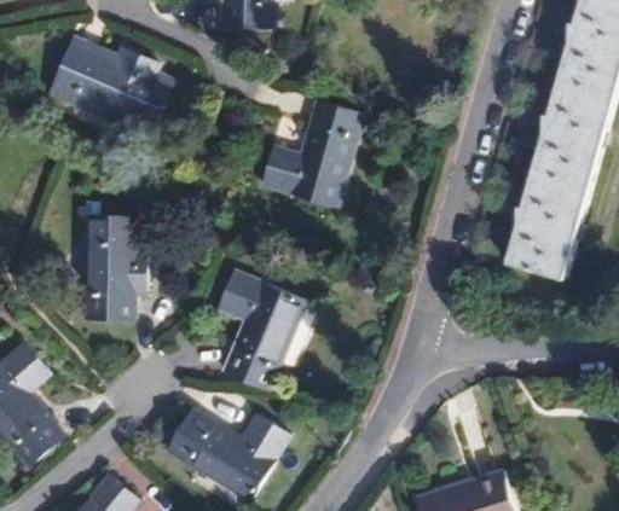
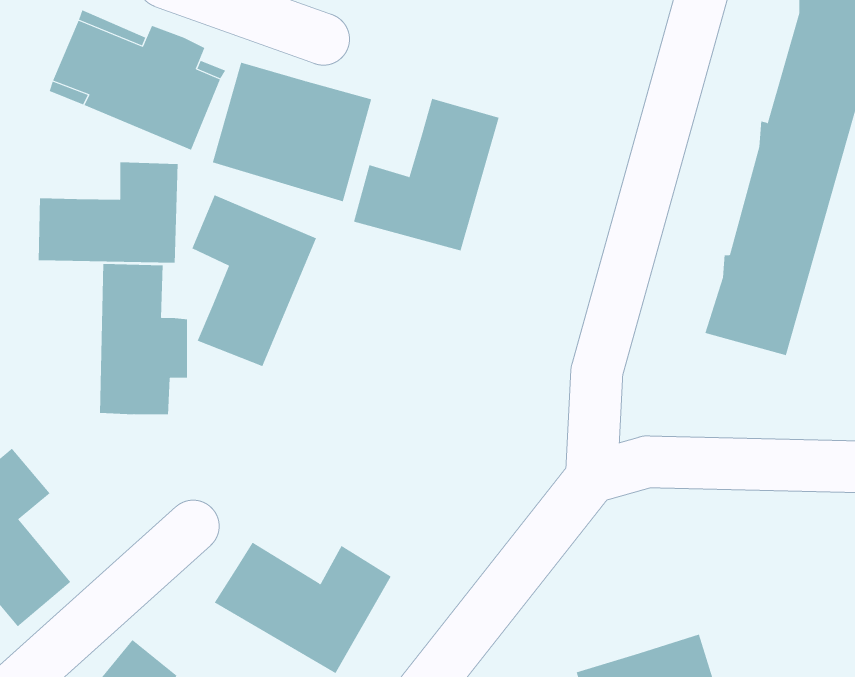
building: none -> [212,62,372,202]
building: none -> [38,162,178,263]
building: [219,269,306,389] -> [192,195,317,367]

